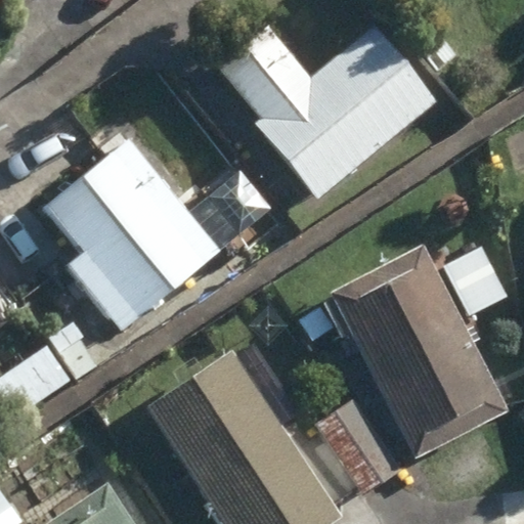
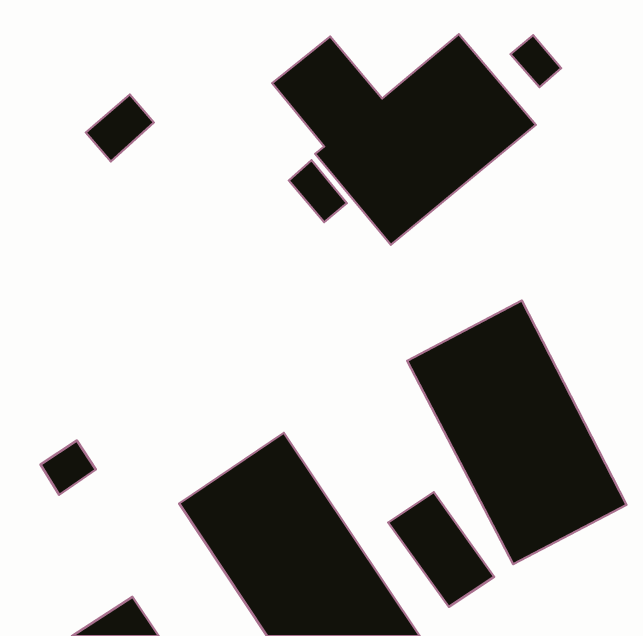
building: [47,140,219,332] -> none

